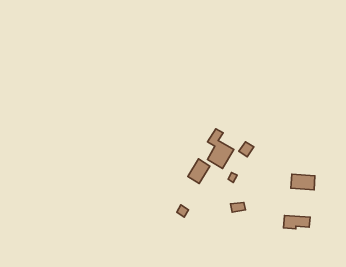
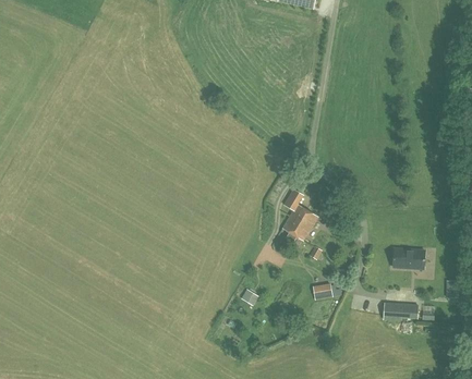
building: [188,159,210,184] -> none

